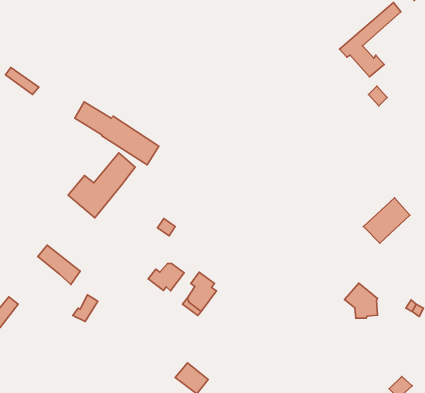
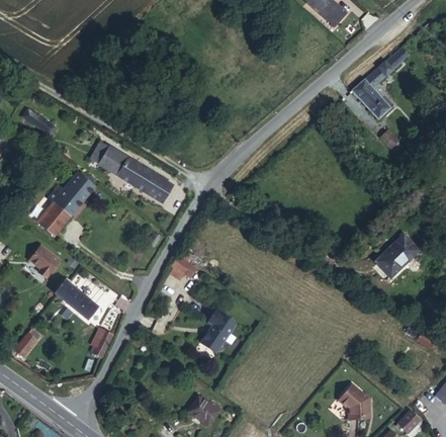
building: [68,153,135,218] -> [28,172,94,236]
building: none -> [31,246,63,279]
building: [148,263,184,291] -> none
building: [344,283,378,318] -> [336,384,368,419]

